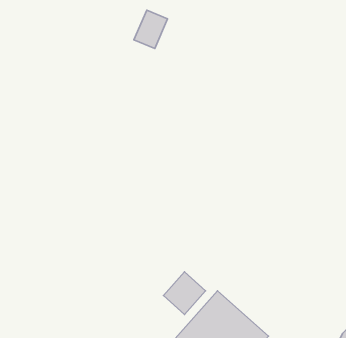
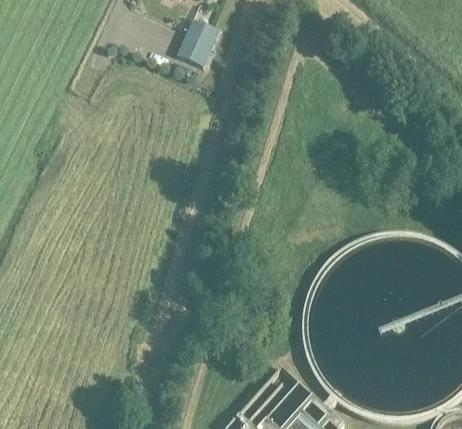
building: [163,272,206,314] -> none

